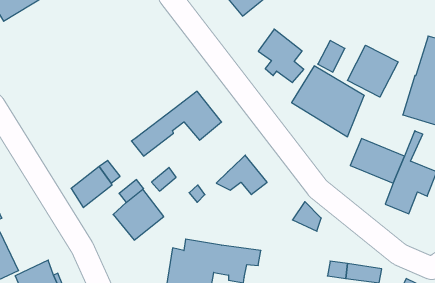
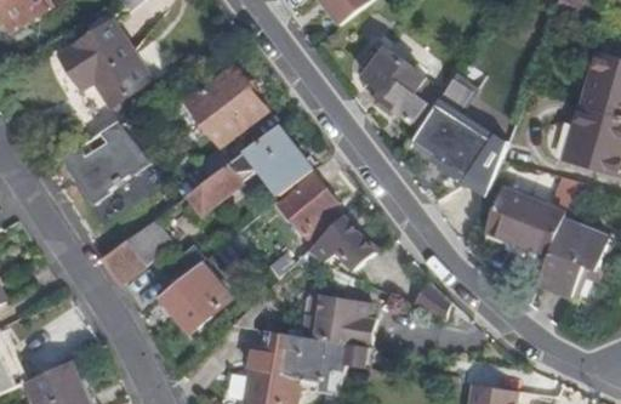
building: none -> [56,21,149,106]
building: [347,45,398,97] -> none
building: none -> [184,68,275,152]
building: none -> [61,119,149,204]
building: none -> [277,176,337,240]
building: none -> [309,296,371,349]

